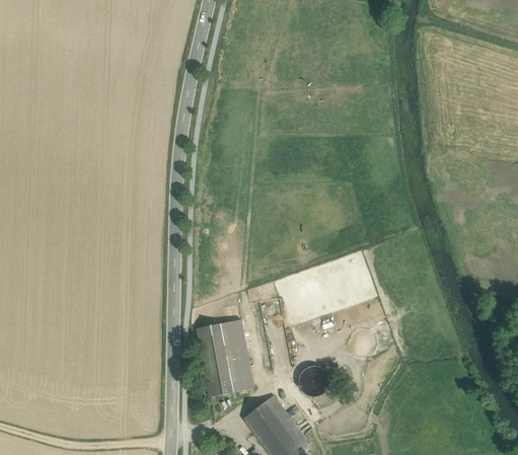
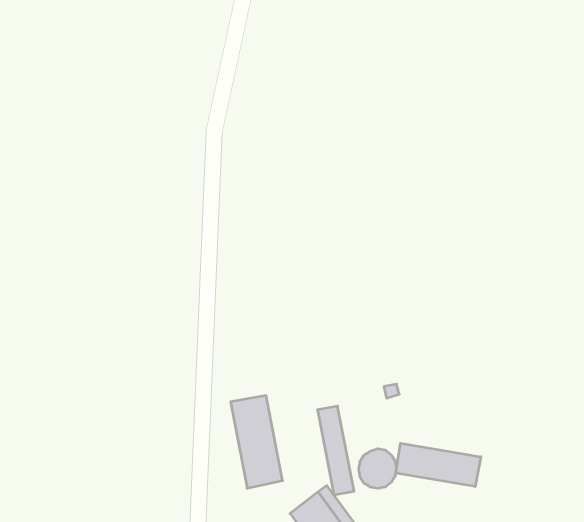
building: [225,321,254,392] -> [317,406,354,495]
building: none -> [396,443,481,487]

